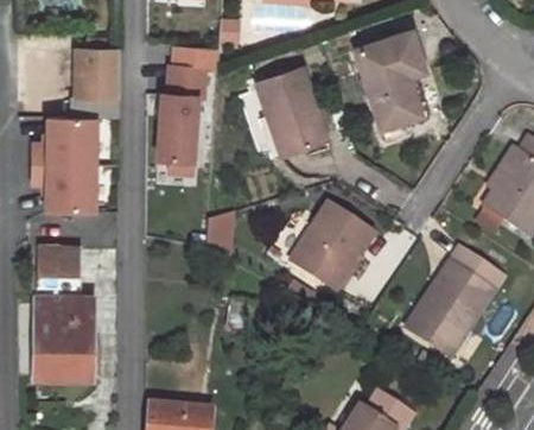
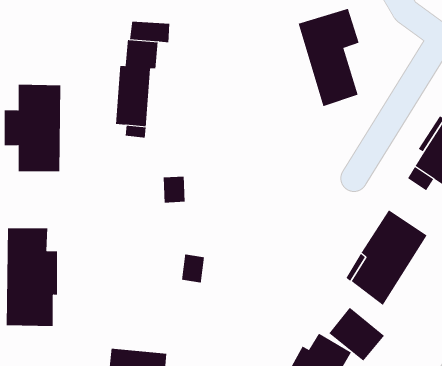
building: [71,37,116,96] -> none
building: [259,68,329,154] -> none
building: [294,207,374,289] -> none
building: [37,246,82,273] -> none
building: none -> [329,307,385,362]

